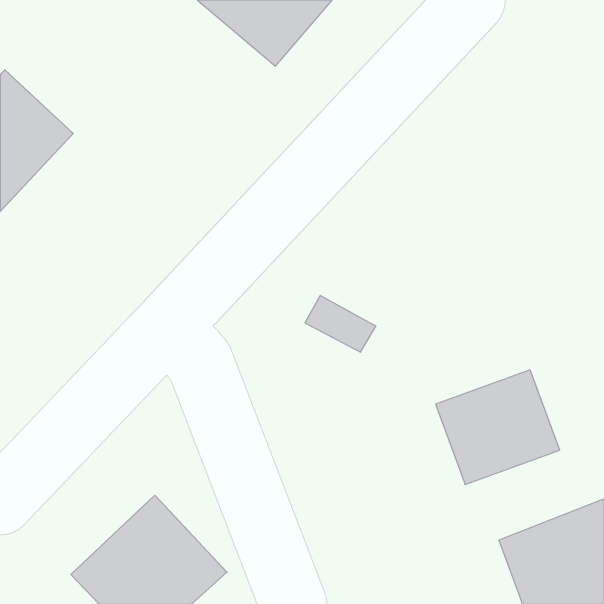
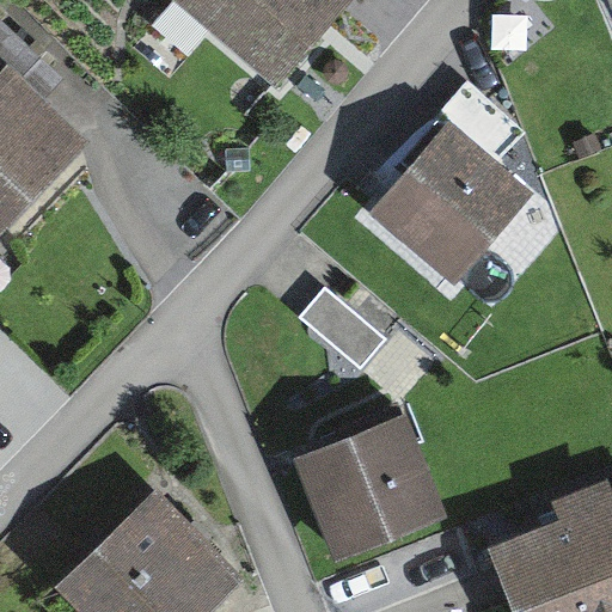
building: none -> [382,127,522,267]
building: [436,370,560,485] -> [307,423,433,539]

